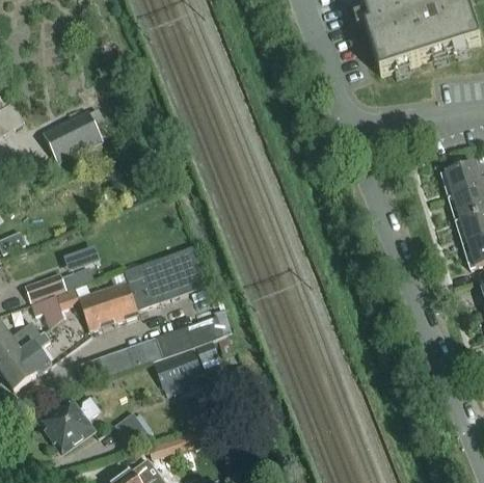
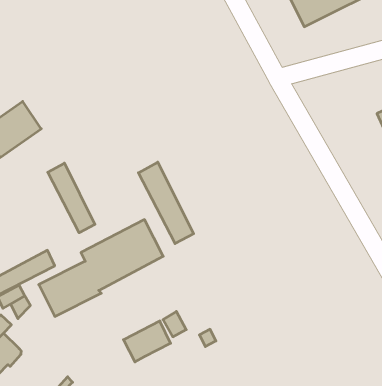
building: none -> [48,163,95,233]
building: none -> [138,162,194,244]
building: [79,319,215,380] -> none

